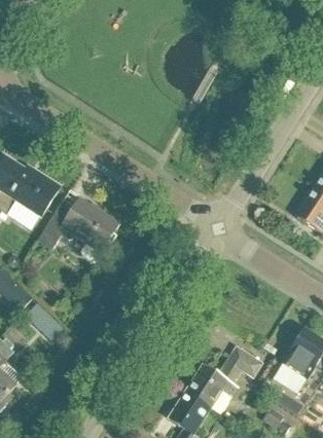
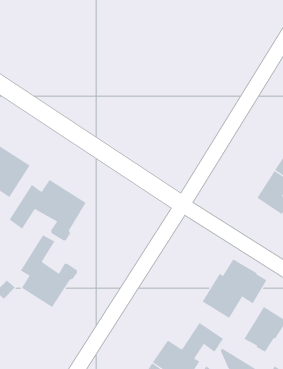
building: none -> [20,234,78,308]
building: none -> [202,259,267,319]

